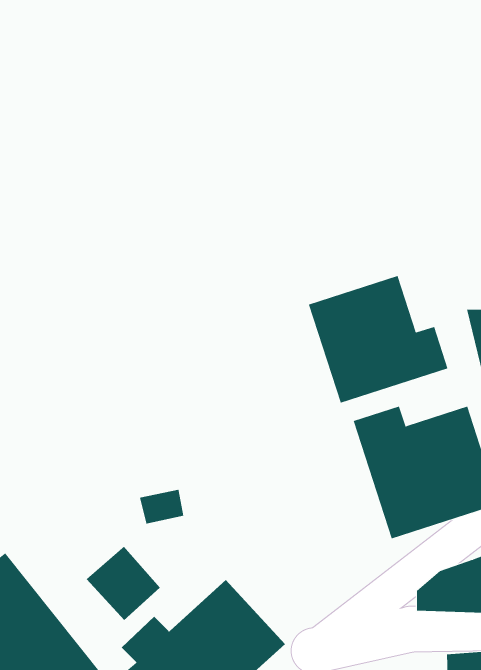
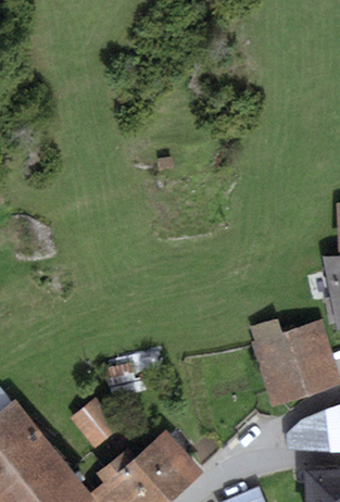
building: [308,275,448,403] -> none

